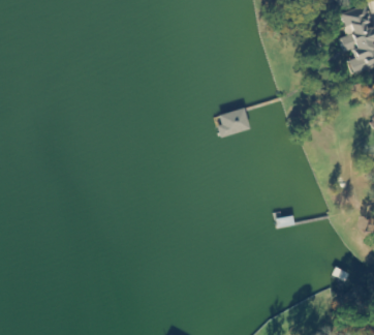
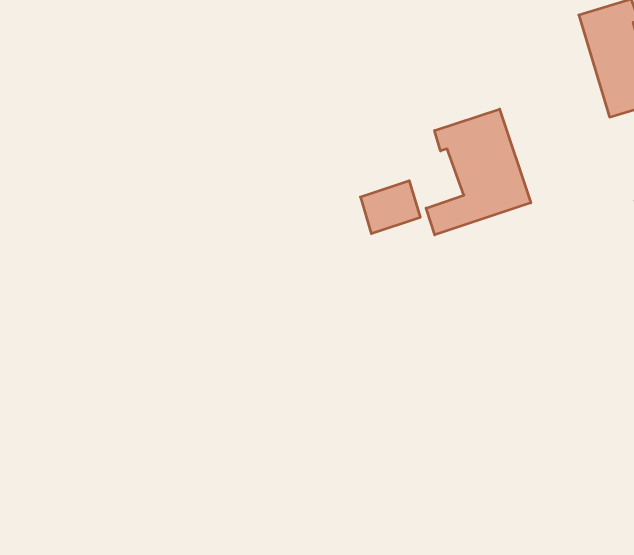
building: none -> [426,109,531,235]

